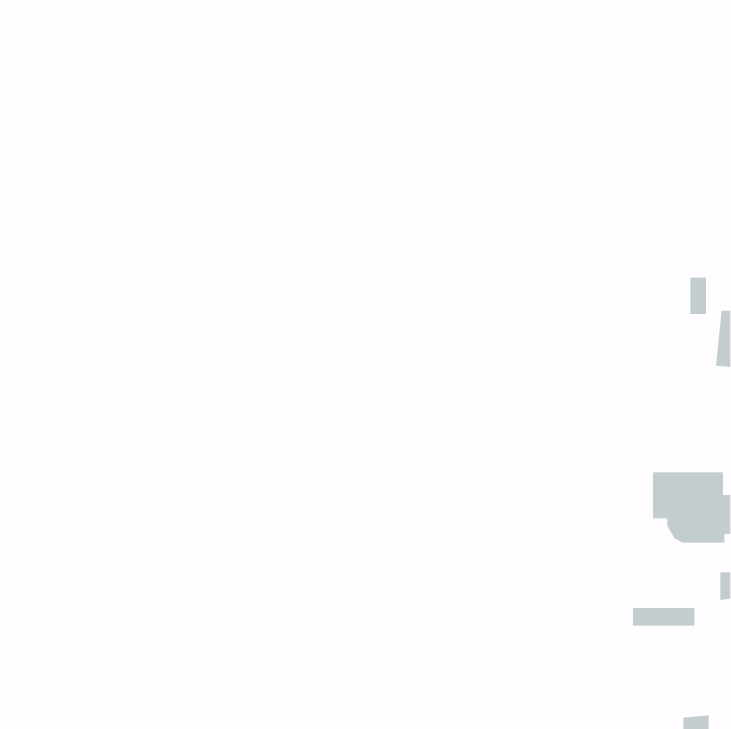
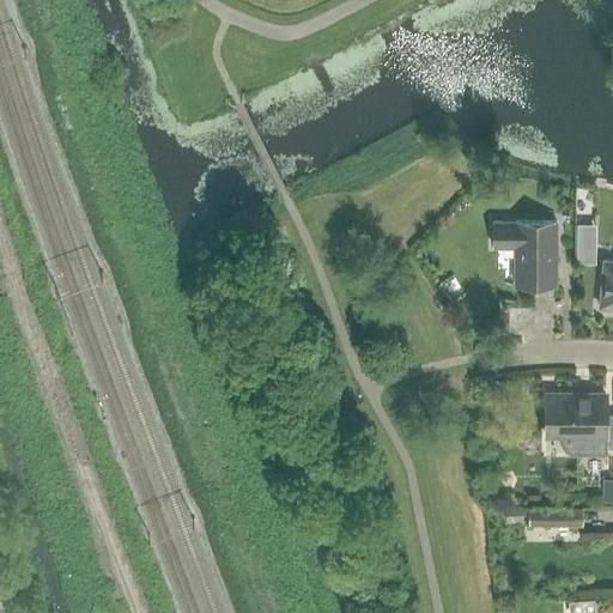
building: none -> [493,223,557,286]

